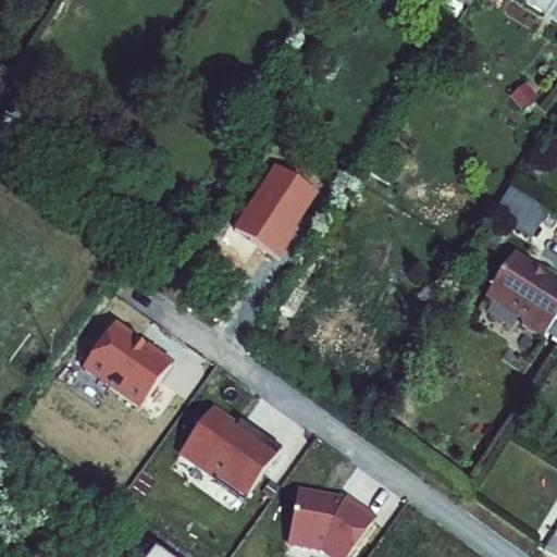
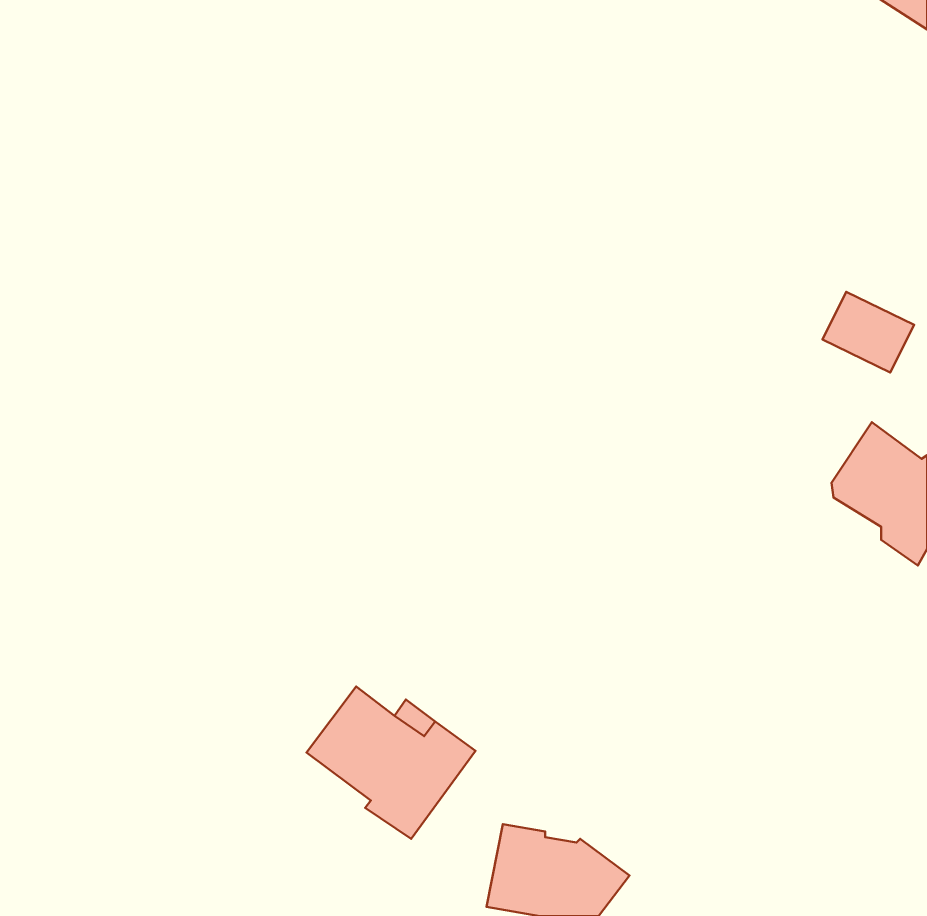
building: [235,162,317,255] -> none
building: [83,321,171,405] -> none

